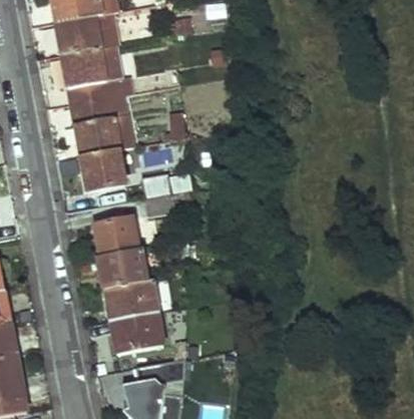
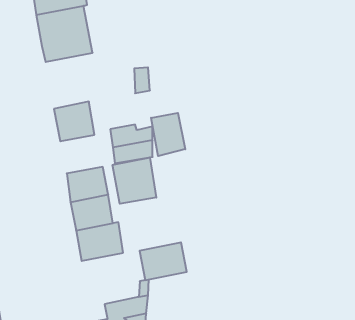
building: [71,95,132,156] -> none
building: none -> [151,113,185,156]
building: none -> [113,157,156,204]
building: [110,313,161,354] -> [140,242,187,280]

